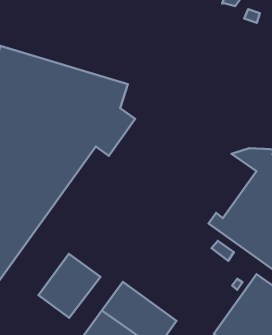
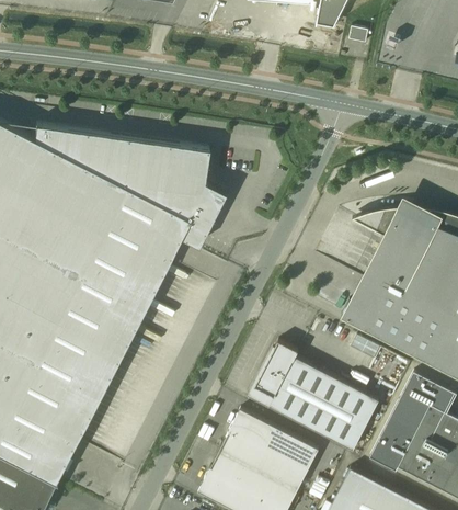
building: none -> [248,341,379,451]
building: [39,254,101,318] -> none

